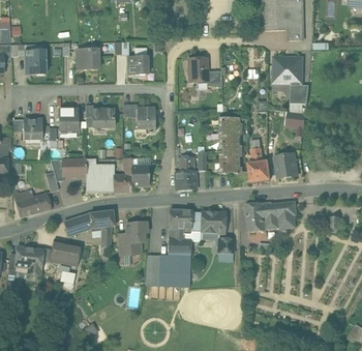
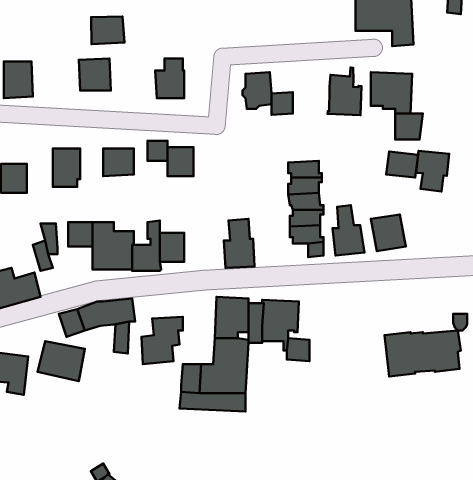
building: none -> [91,17,125,44]
building: none -> [327,68,361,115]
building: none -> [416,151,449,191]
building: [245,201,297,232] -> [385,331,461,376]

